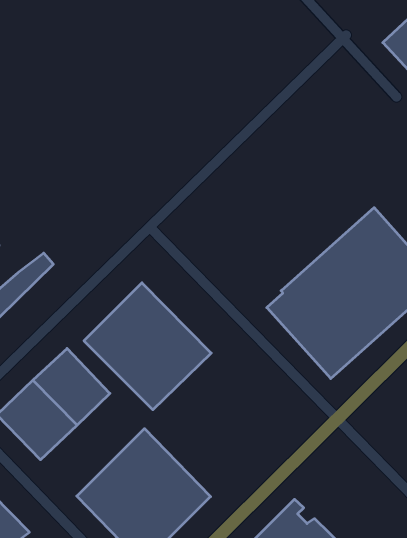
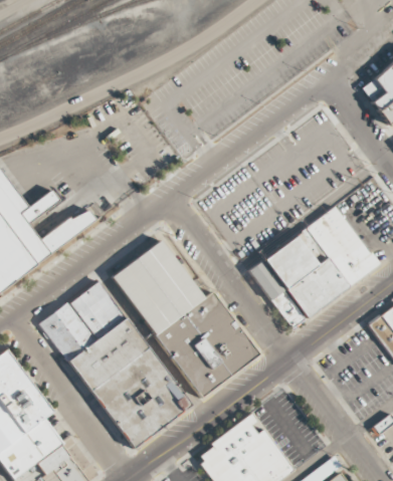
building: none -> [156,292,258,396]
building: none -> [68,318,148,391]

